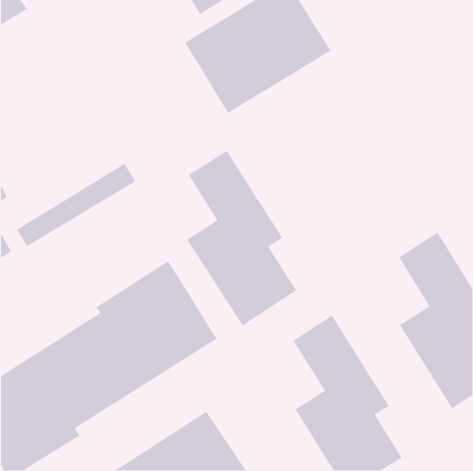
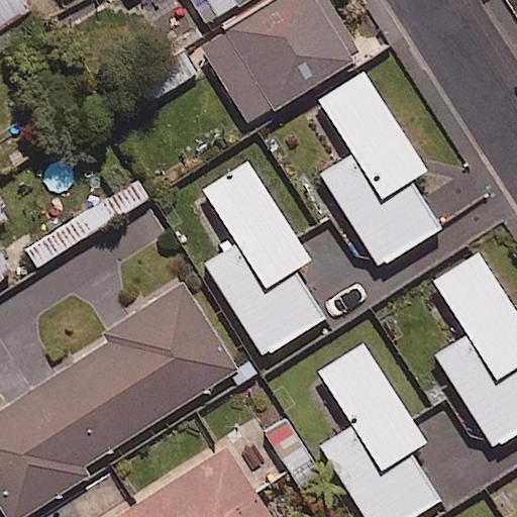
building: none -> [319,72,439,266]

